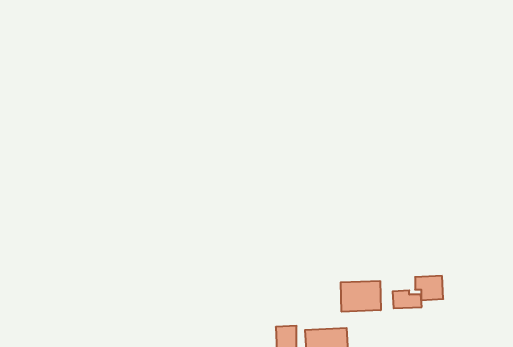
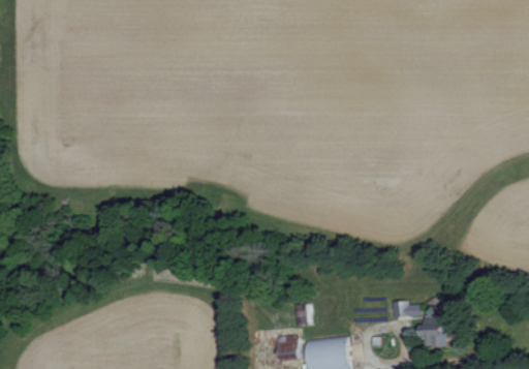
building: [415,276,443,300] -> [417,322,445,346]
building: [341,281,381,312] -> none

